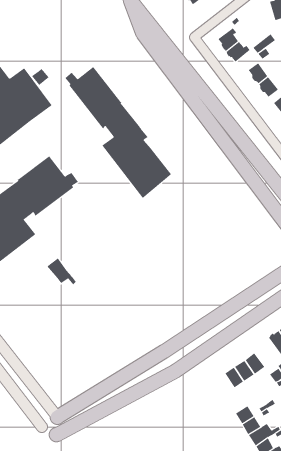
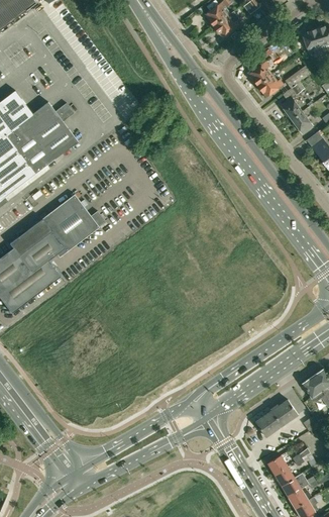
building: [65,66,172,199] -> none
building: [46,258,76,285] -> none

